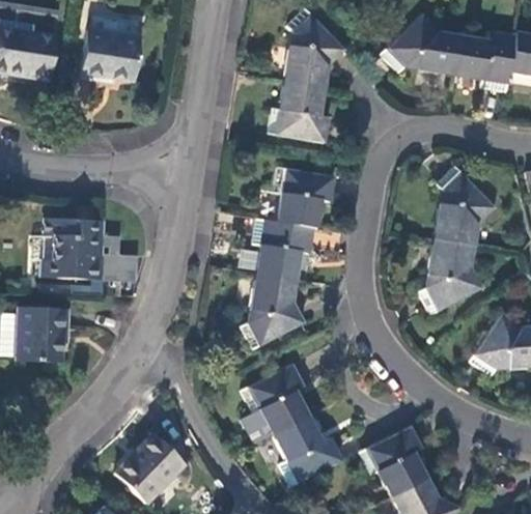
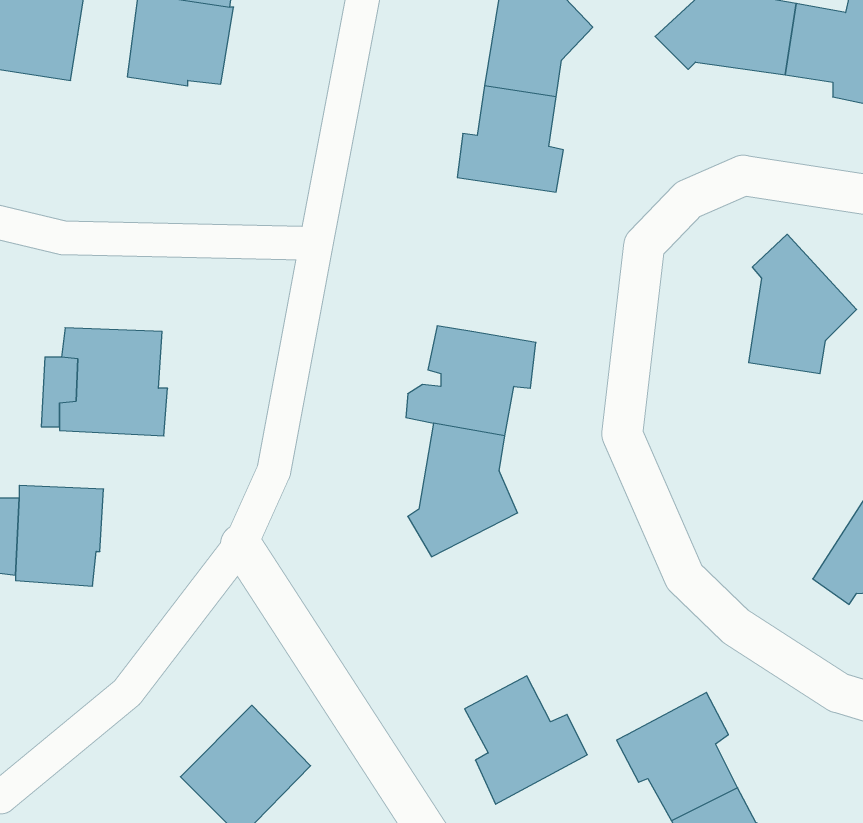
building: [275,166,335,228] -> none
building: [421,238,483,314] -> none
building: [242,364,309,444] -> none

